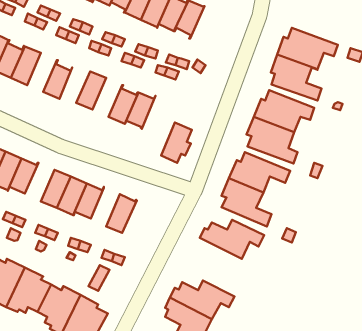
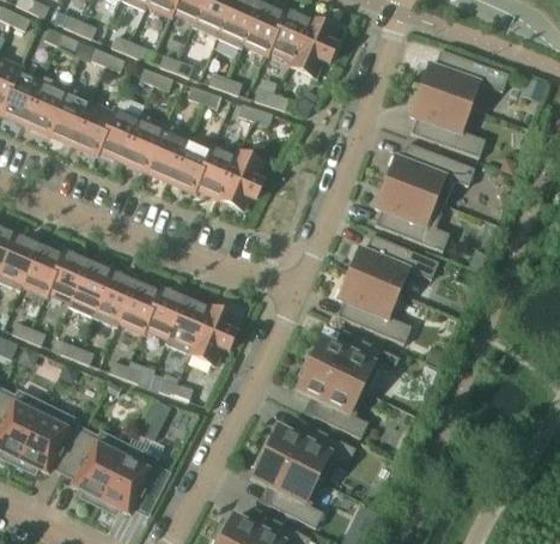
building: none -> [290,17,336,77]
building: none -> [48,86,92,144]
building: none -> [96,108,141,161]
building: none -> [145,123,189,181]
building: [161,122,192,163] -> [218,150,263,210]
building: none -> [44,249,89,307]
building: none -> [142,286,185,344]
building: none -> [189,306,235,364]
building: none -> [297,361,367,437]

